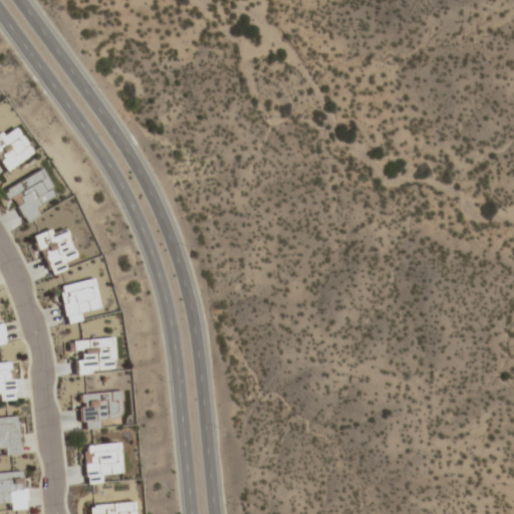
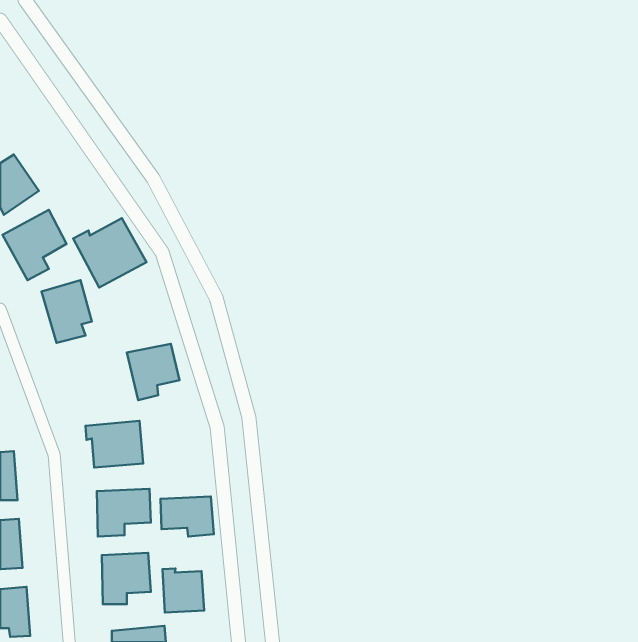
building: none -> [73,218,146,288]
building: [58,278,100,323] -> [127,344,180,400]
building: none -> [160,497,214,536]
building: none -> [163,568,204,613]

